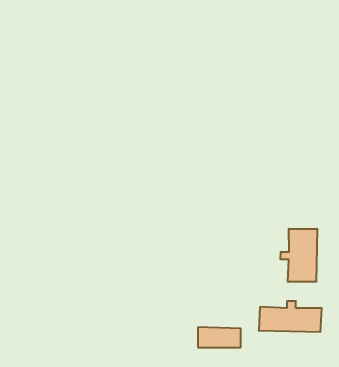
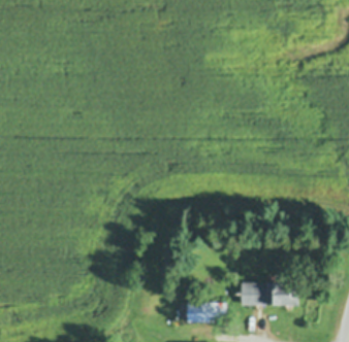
building: [281,229,317,282] -> none

